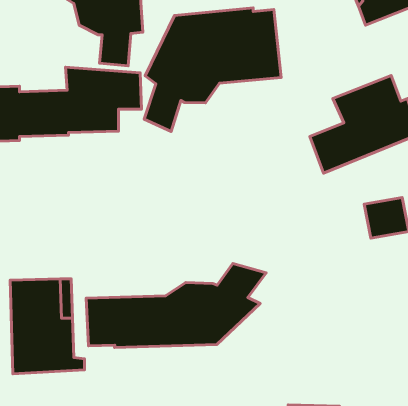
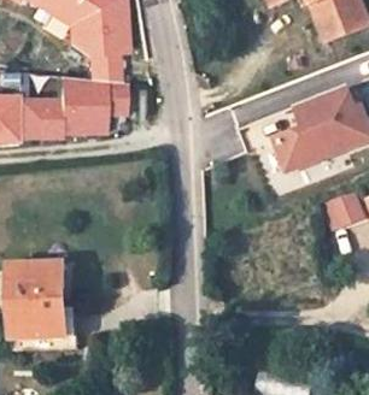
building: [144,8,281,132] -> none
building: [86,263,266,348] -> none

